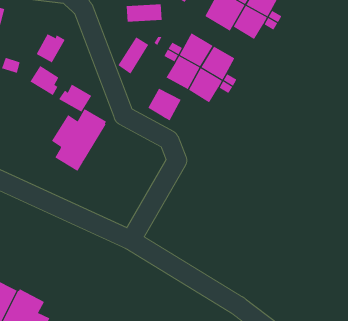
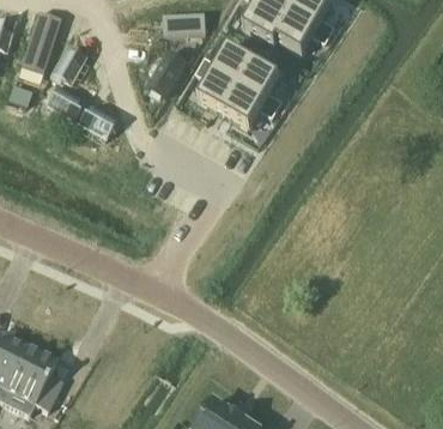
building: none -> [18,16,59,78]
building: [148,88,181,121] -> none
building: [51,108,107,172] -> none

